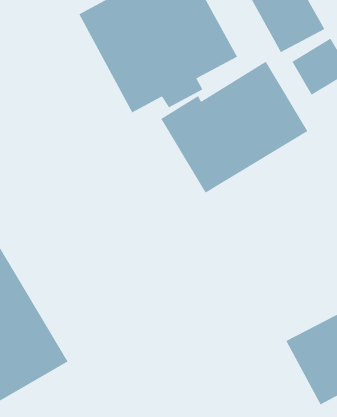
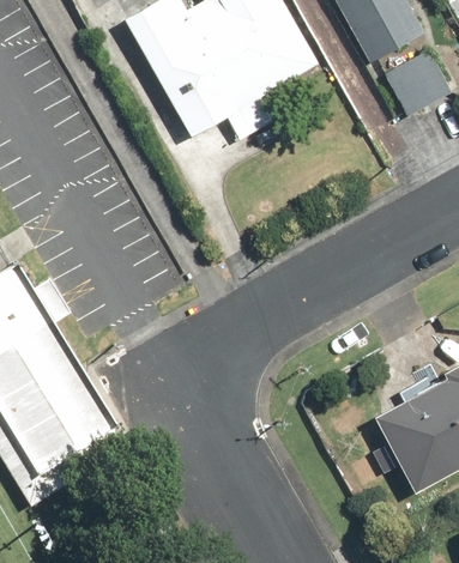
building: [161,61,308,194] -> none

